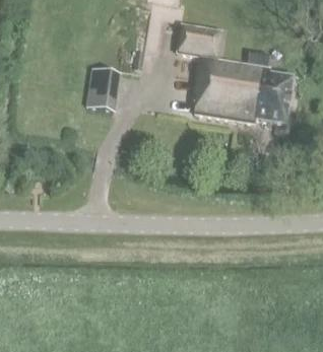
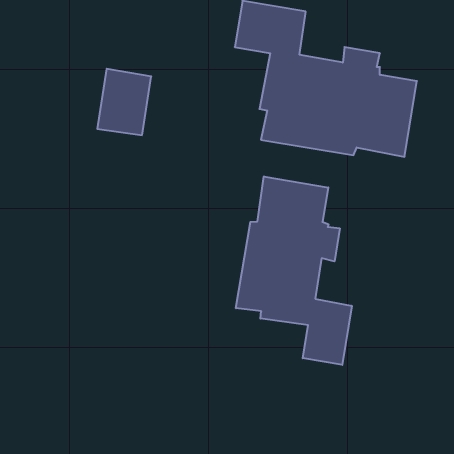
building: none -> [236,176,352,365]

